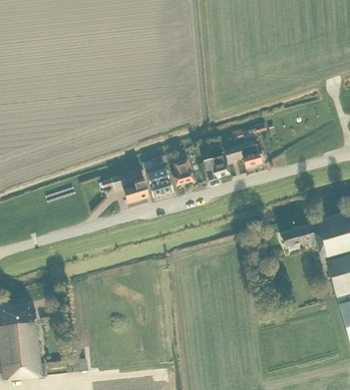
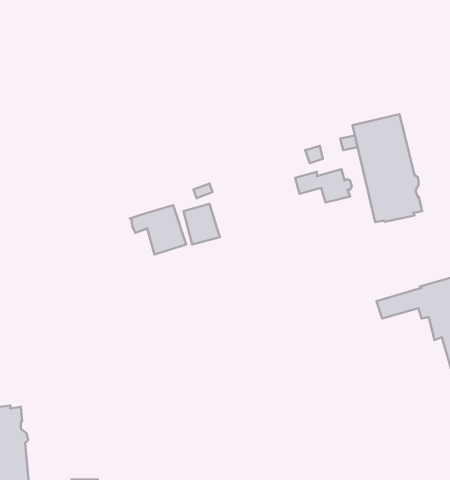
building: none -> [352,114,422,222]
building: [203,150,229,180] -> none
building: [171,156,193,184] -> none

